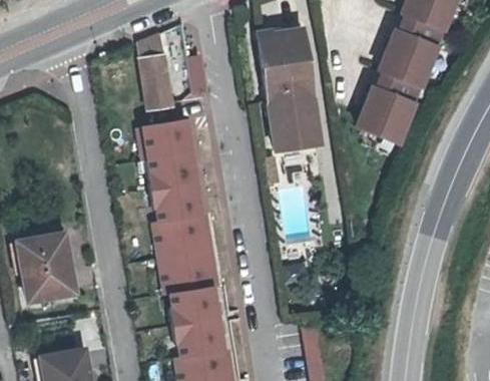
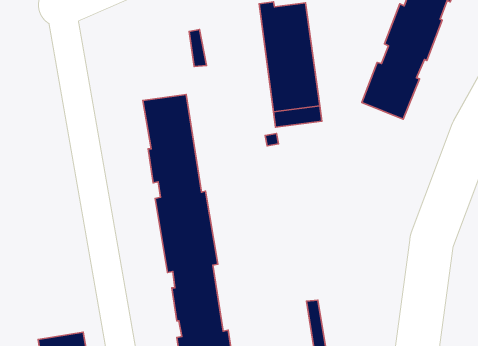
building: [137,33,173,110] -> none
building: [18,235,75,298] -> none

